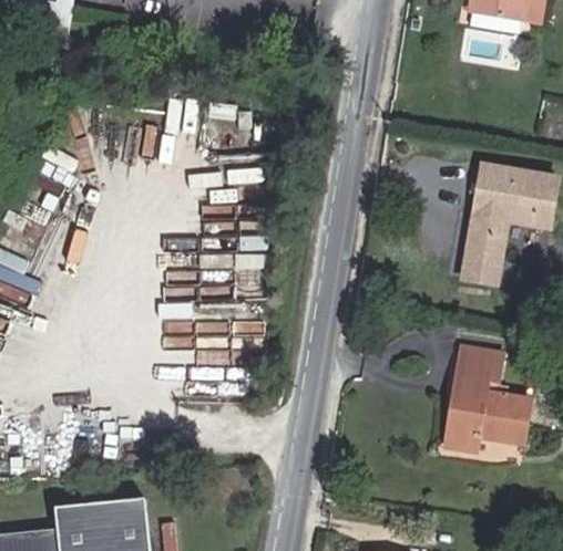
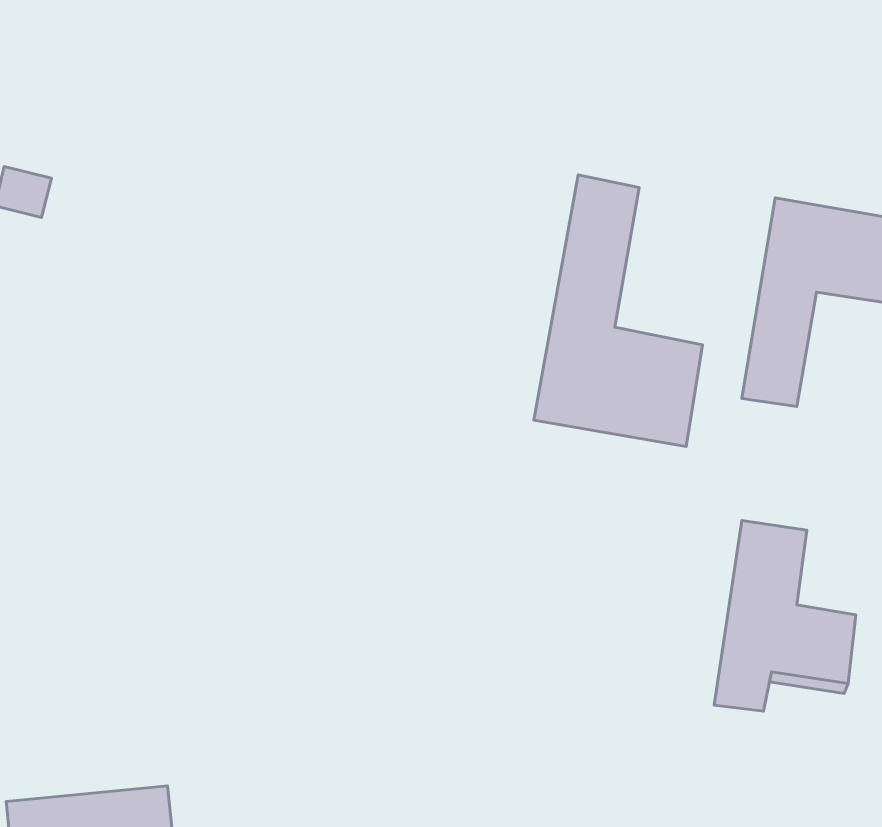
building: none -> [534,175,702,447]

